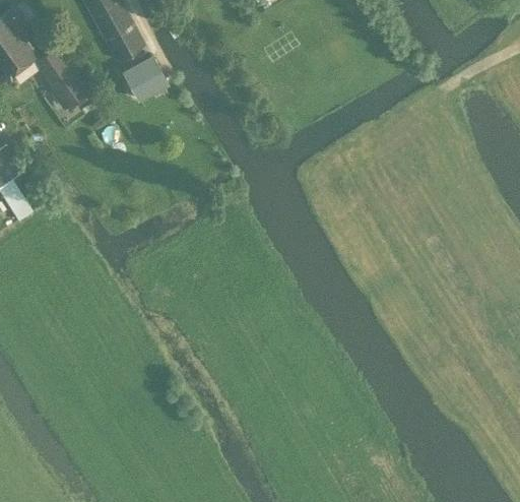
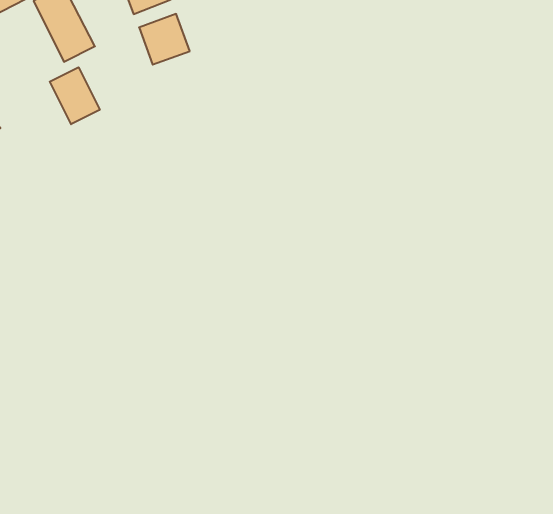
building: none -> [50,67,100,124]

